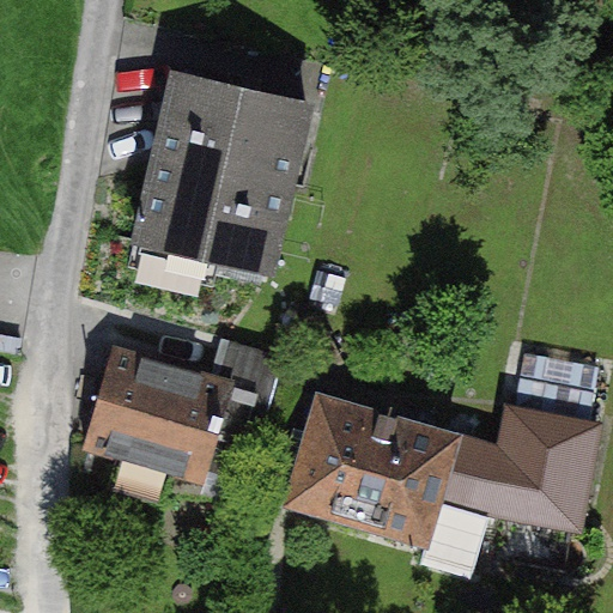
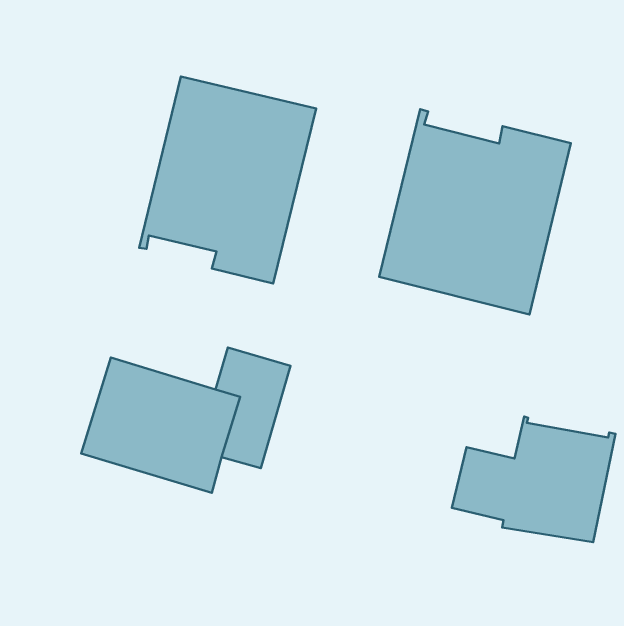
building: none -> [379,109,571,315]
building: [286,393,454,540] -> none

